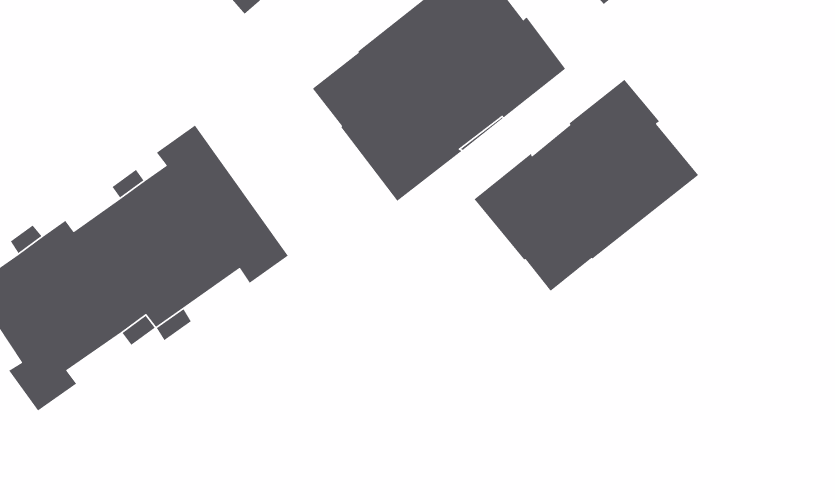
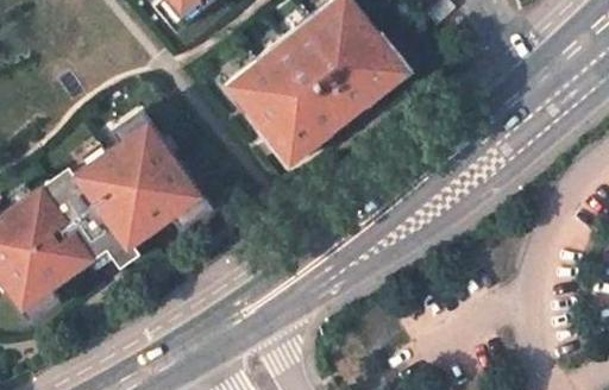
building: [473,79,699,292] -> none

